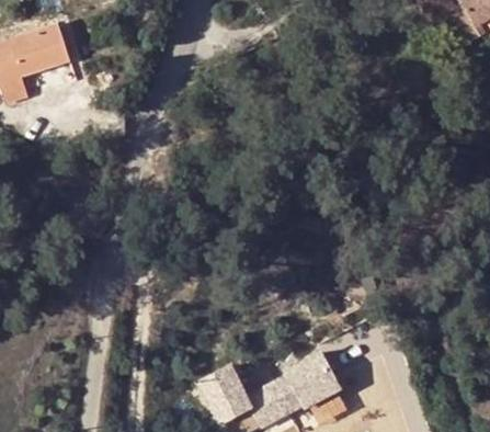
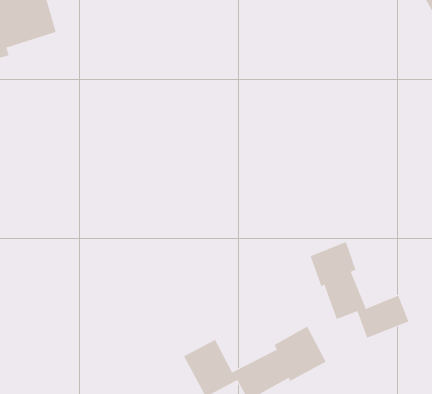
building: none -> [310,241,409,338]

